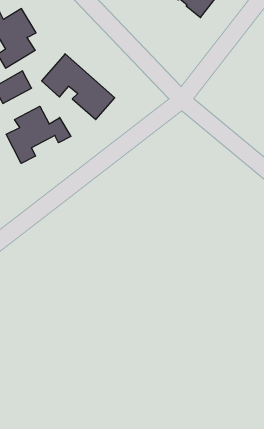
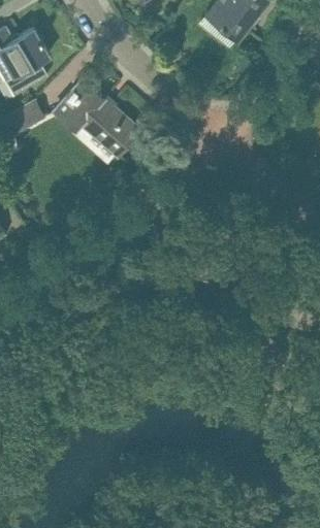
building: [6,106,71,163] -> none

